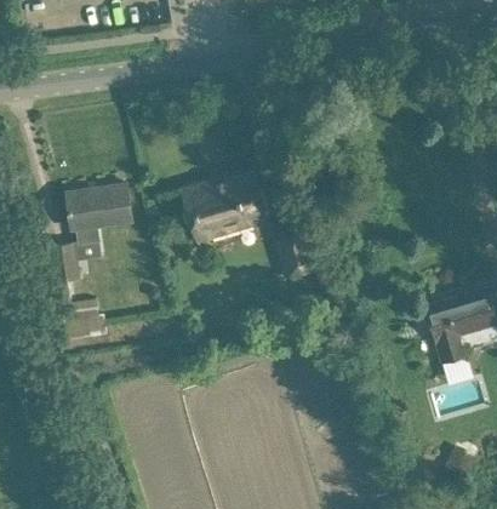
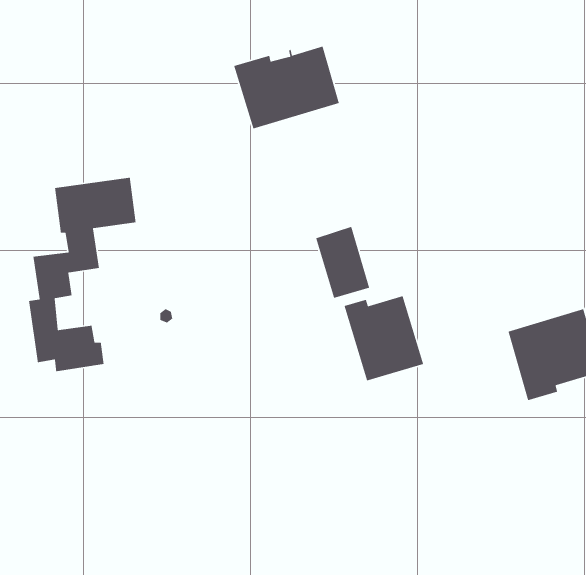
building: [181,173,265,240] -> [233,46,340,129]
building: none -> [344,295,424,381]

